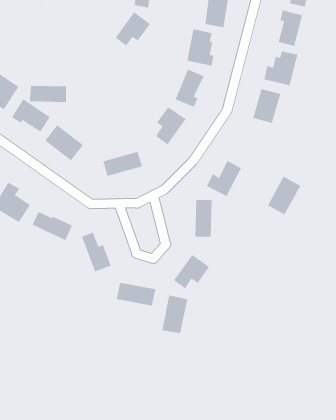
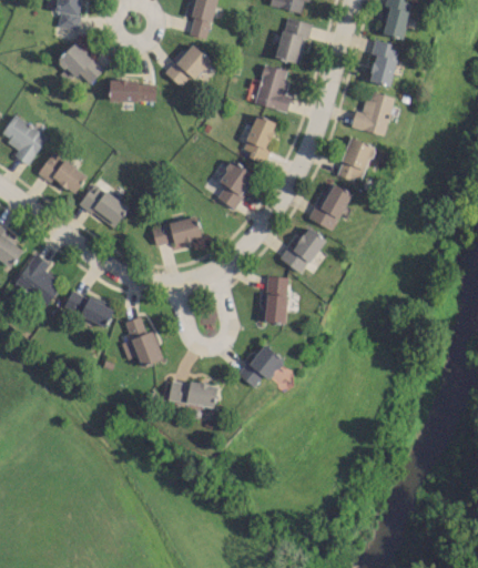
building: none -> [58,42,103,84]
building: [29,85,67,102] -> [109,81,155,102]
building: [267,176,301,215] -> [309,182,352,231]
building: [162,295,188,334] -> none

